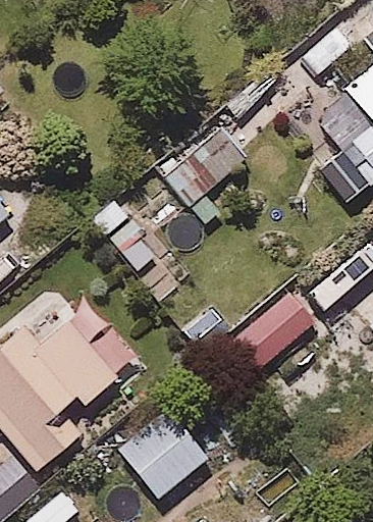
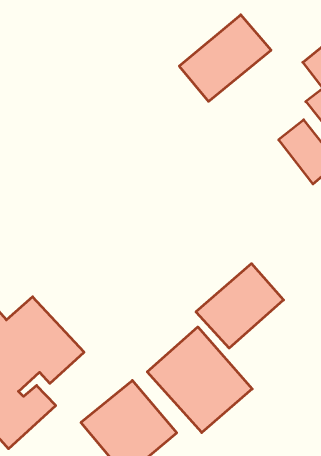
building: [158,122,251,210] -> [179,15,271,101]
building: none -> [147,327,252,433]

